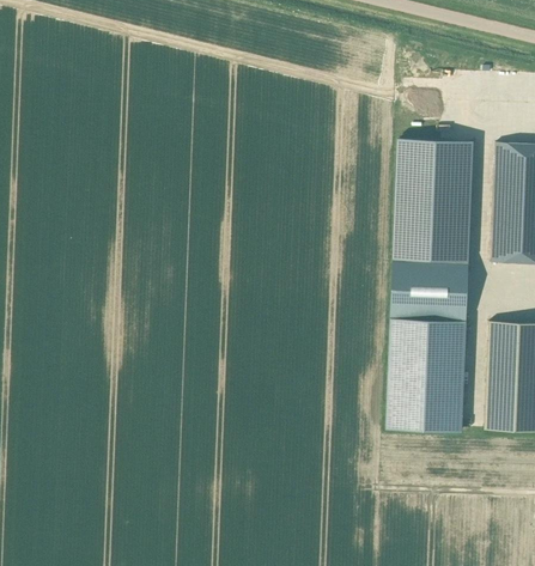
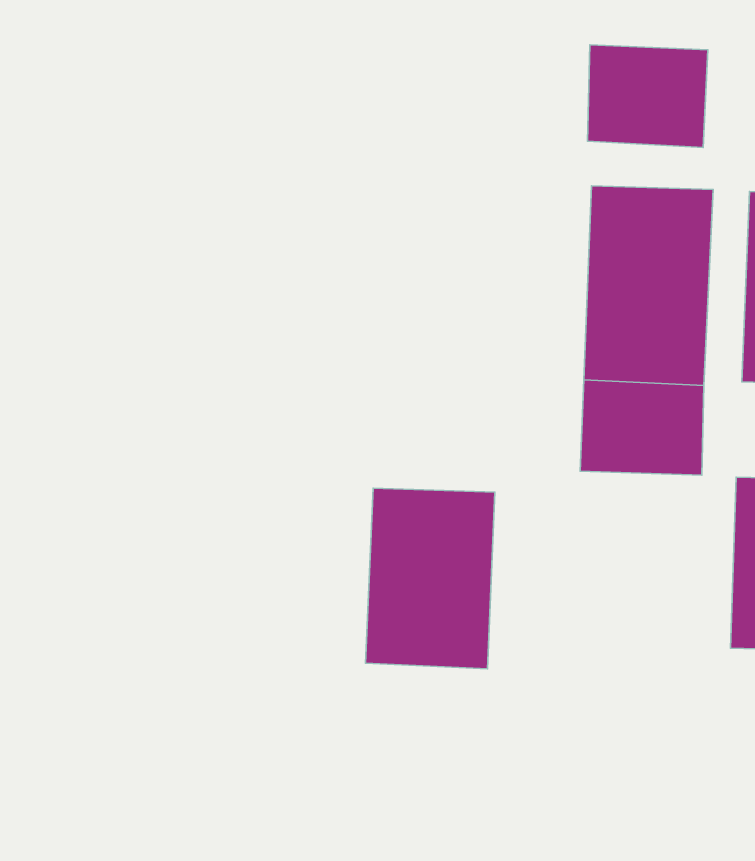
building: none -> [588,45,708,147]
building: [384,318,466,432] -> [366,488,495,669]

